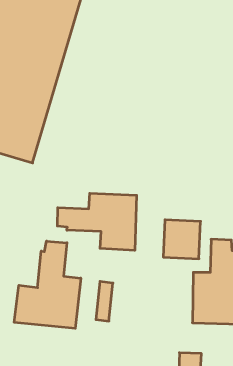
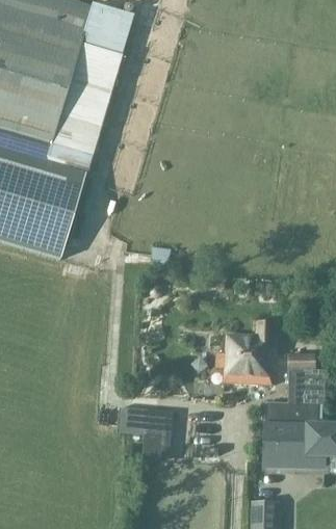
building: [57,193,137,250] -> none
building: [14,241,81,328] -> none

